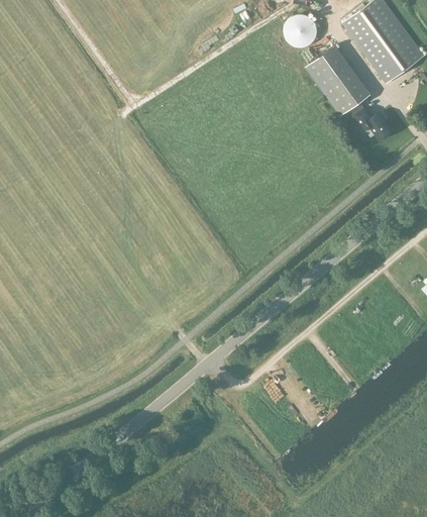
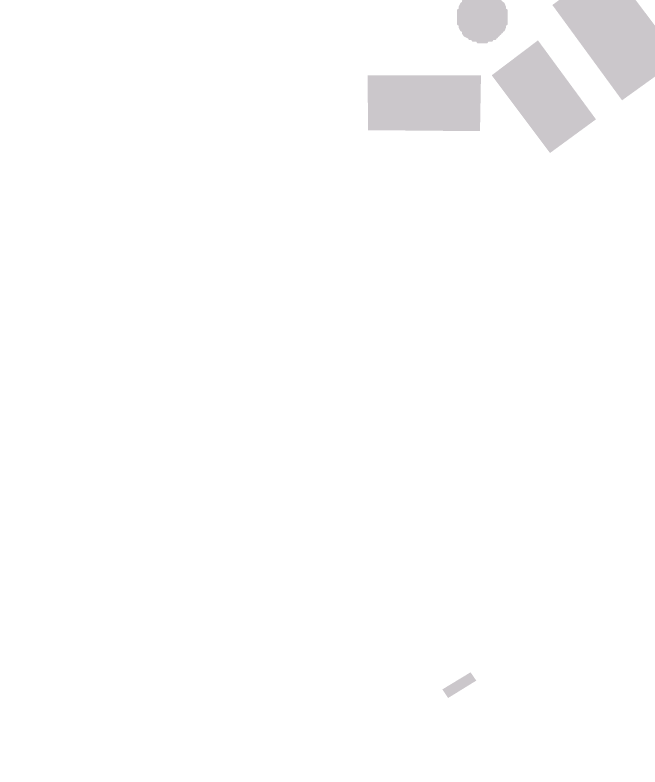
building: none -> [367,74,482,132]
building: [353,107,393,140] -> none

